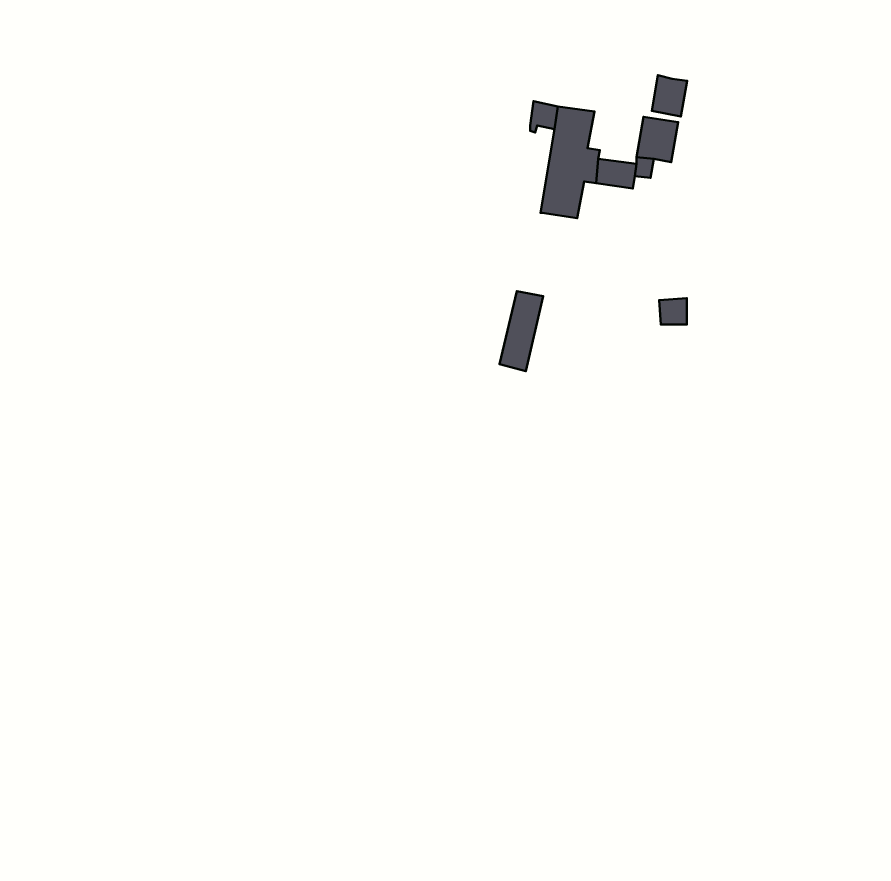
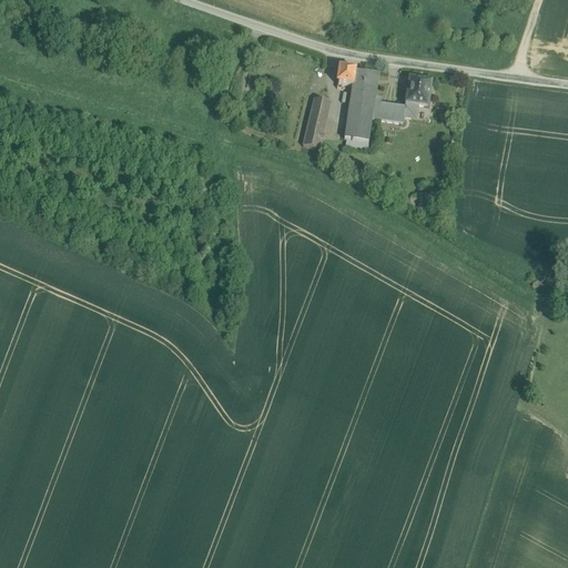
building: [652,75,687,117] -> none
building: [500,291,543,371] -> [303,95,331,146]

